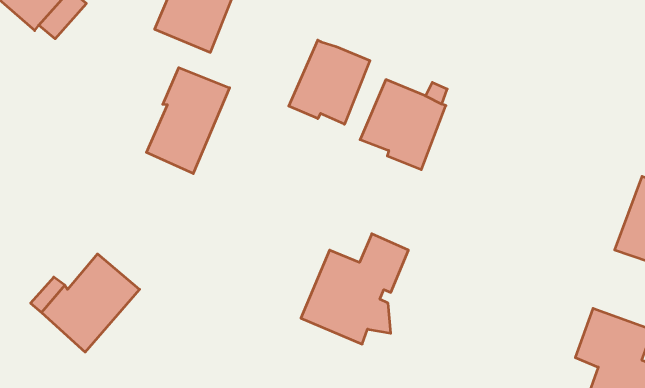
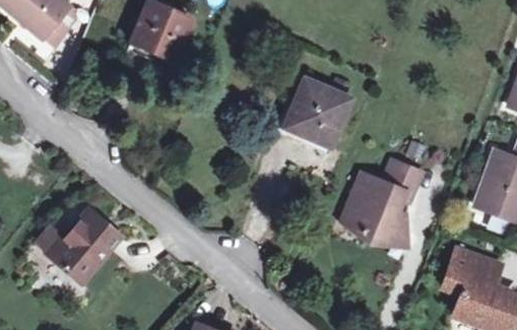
building: [289,40,370,124] -> none
building: [146,68,230,174] -> none
building: [301,234,408,344] -> [342,158,423,241]

